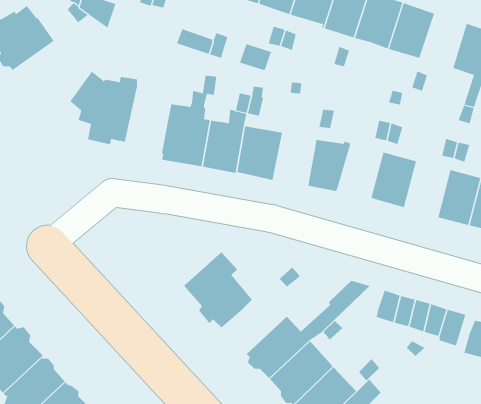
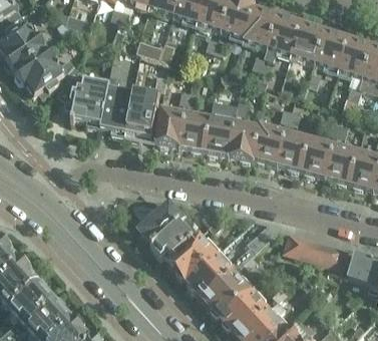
building: none -> [315,29,349,69]
building: none -> [15,49,77,96]
building: none -> [99,61,132,131]
building: none -> [208,116,239,155]
building: none -> [255,124,288,164]
building: none -> [304,137,337,179]
building: none -> [169,233,218,279]

